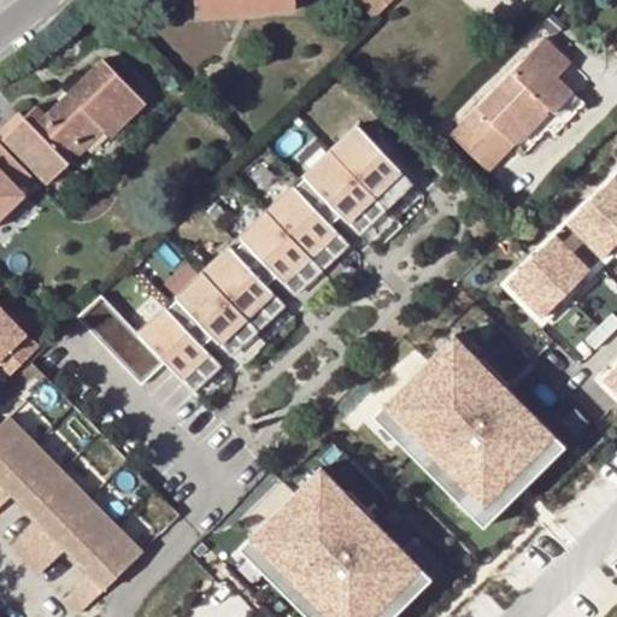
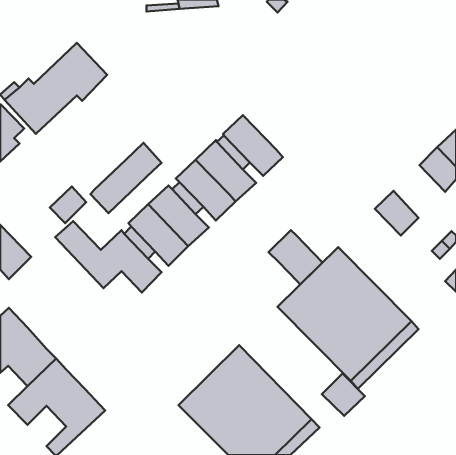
building: [452,37,572,169] -> none
building: [328,129,409,212] -> none
building: none -> [90,143,162,213]
building: [531,234,590,294] -> none
building: none -> [50,187,86,223]
building: none -> [268,230,323,284]
building: none -> [322,373,365,416]

